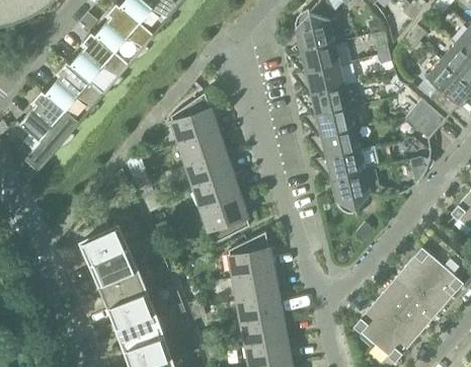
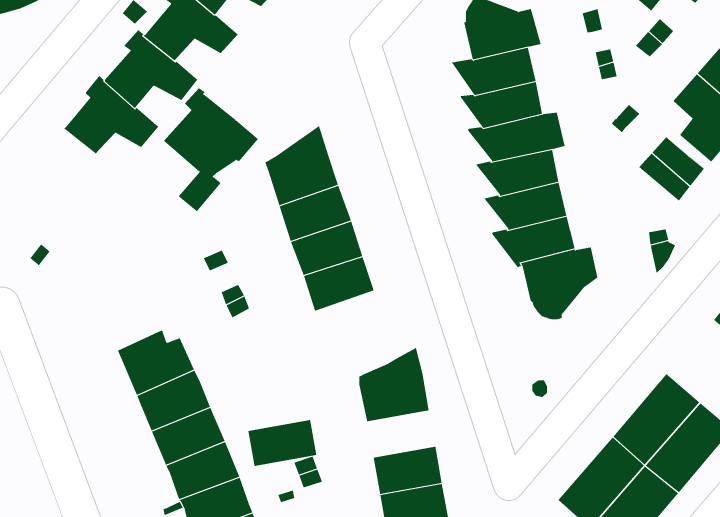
building: [19,90,79,168] -> [163,87,259,212]
building: [202,196,249,244] -> none
building: [234,271,278,300] -> [248,419,317,467]

